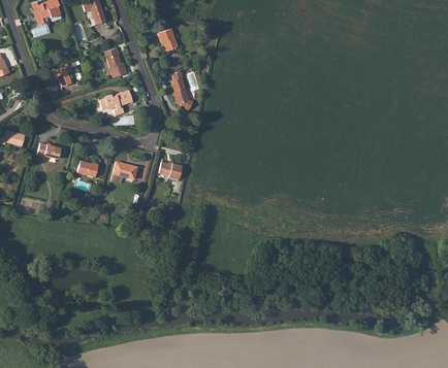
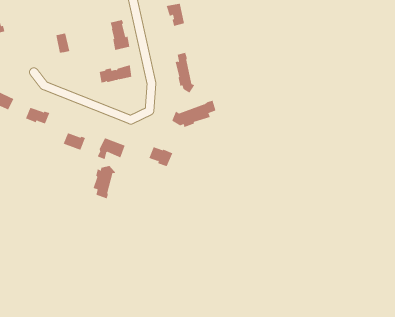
building: none -> [171,100,216,128]
building: none -> [93,165,116,199]

